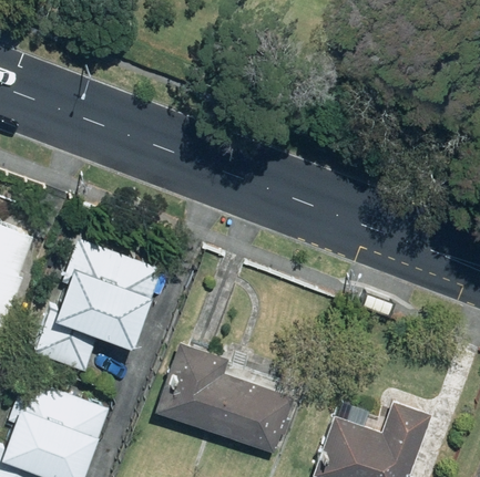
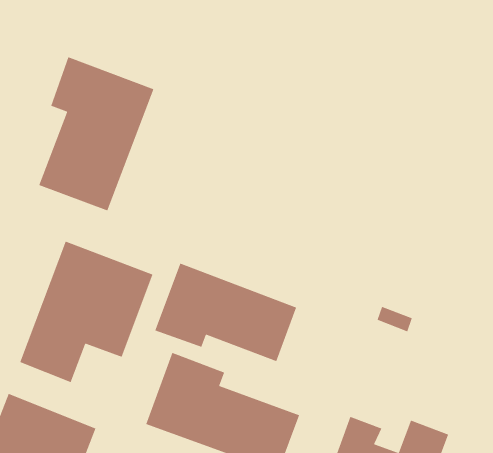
building: none -> [38,56,155,211]
building: none -> [154,263,297,362]

